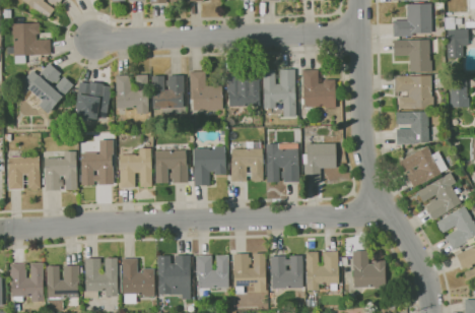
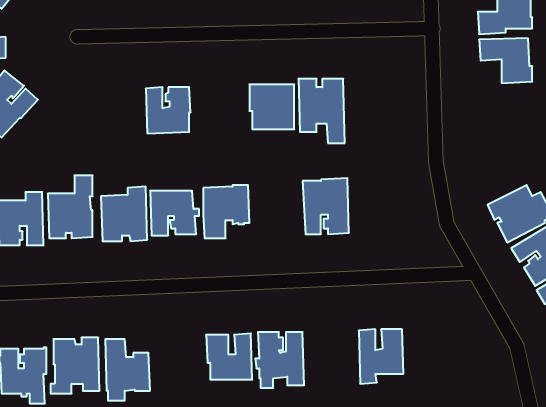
building: [302,69,336,108] -> none
building: [189,71,224,110] -> none
building: [116,73,148,113] -> none
building: [394,75,432,108] -> none
building: [73,81,111,120] -> none
building: [395,112,428,145] -> none
building: [302,142,336,183] -> none
building: [227,144,264,182] -> none
building: [352,250,385,289] -> none
building: [157,255,191,299] -> none
building: [270,255,302,288] -> none

